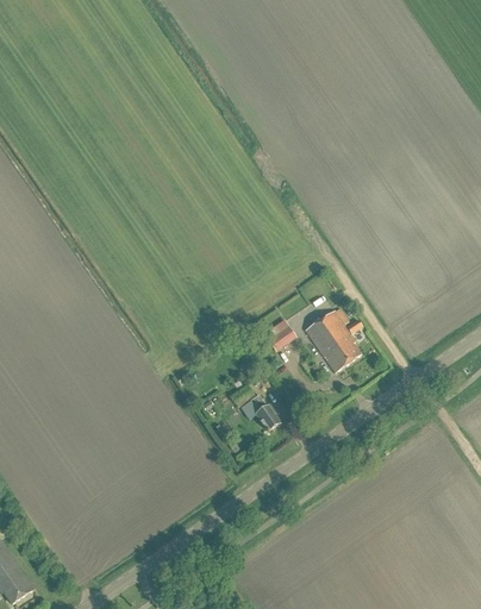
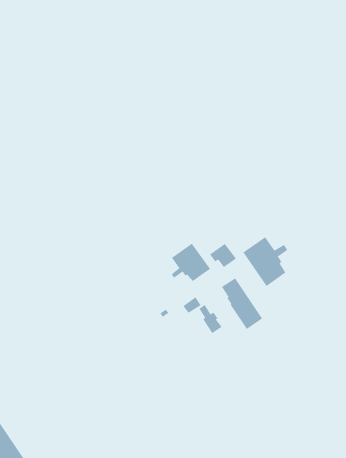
building: none -> [171,243,211,282]
building: none -> [221,277,263,330]

